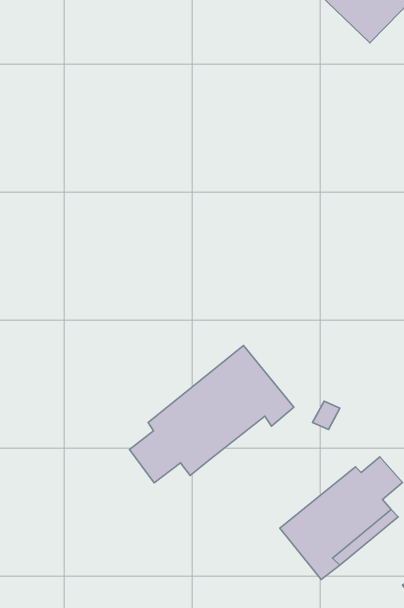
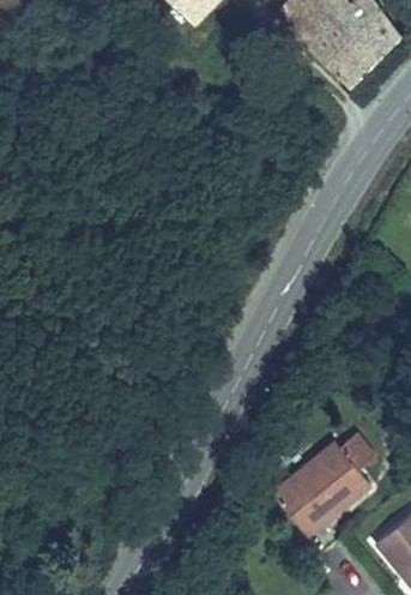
building: [129,345,294,483] -> none

